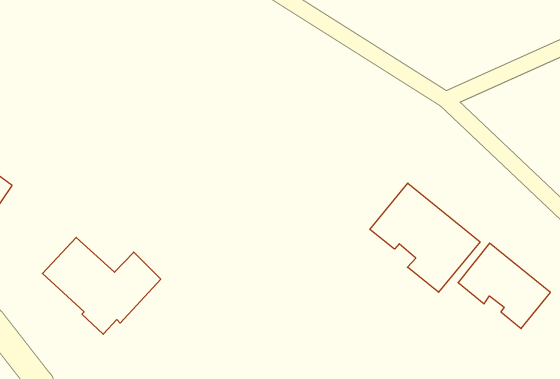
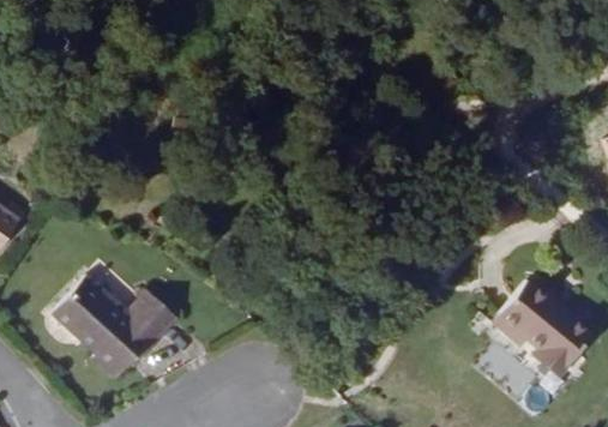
building: [370,183,480,292] -> none

